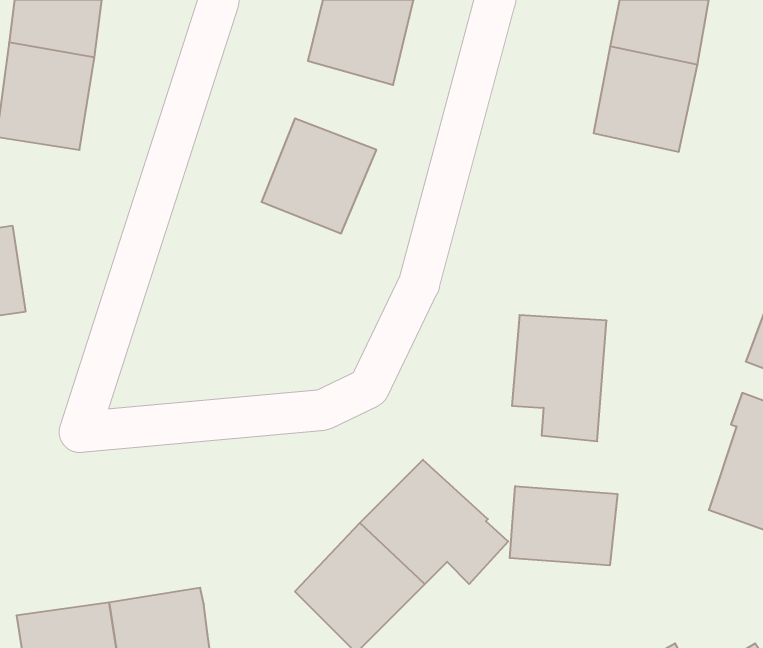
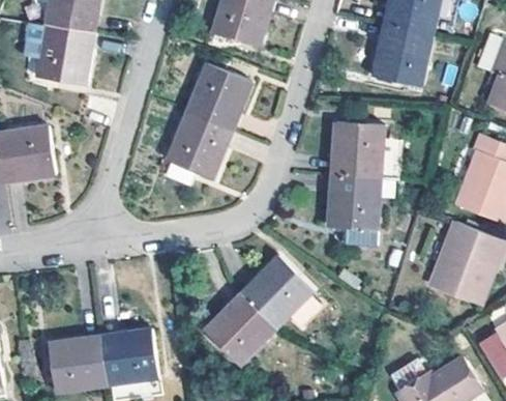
building: none -> [168,113,231,187]
building: none -> [330,125,382,179]
building: [510,486,617,565] -> none

